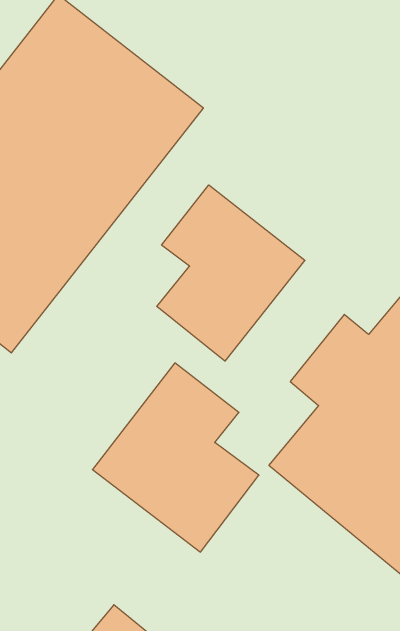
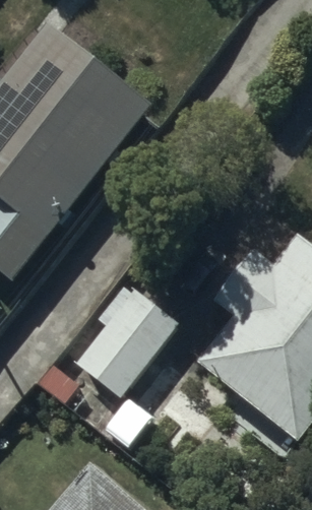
building: [157,185,305,361] -> none

